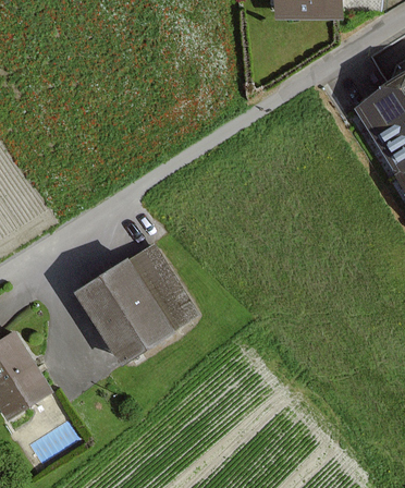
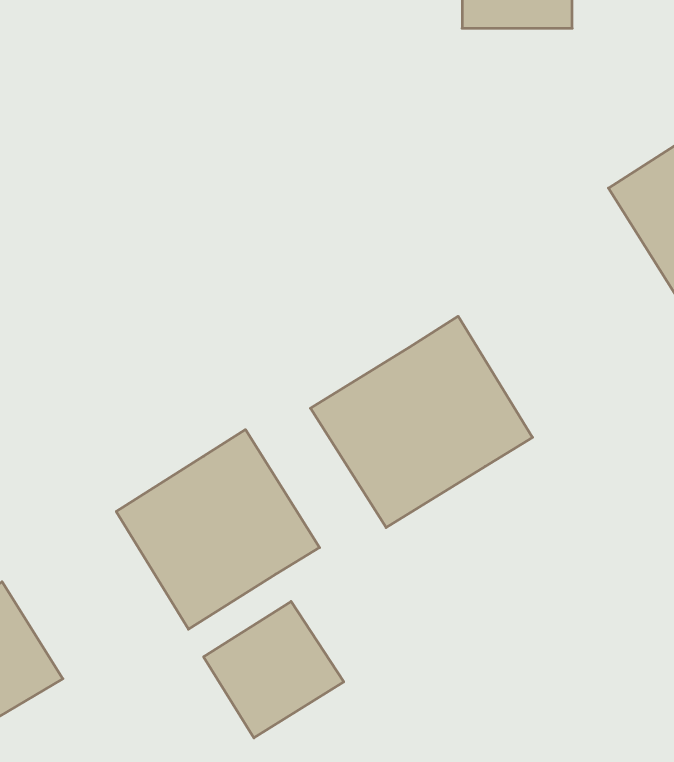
building: none -> [310,316,533,528]
building: none -> [204,601,344,738]

